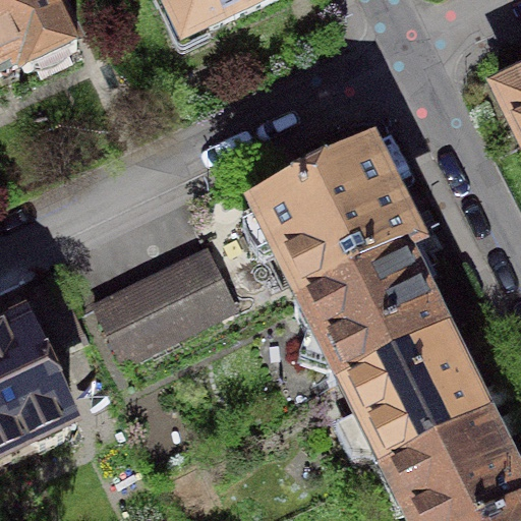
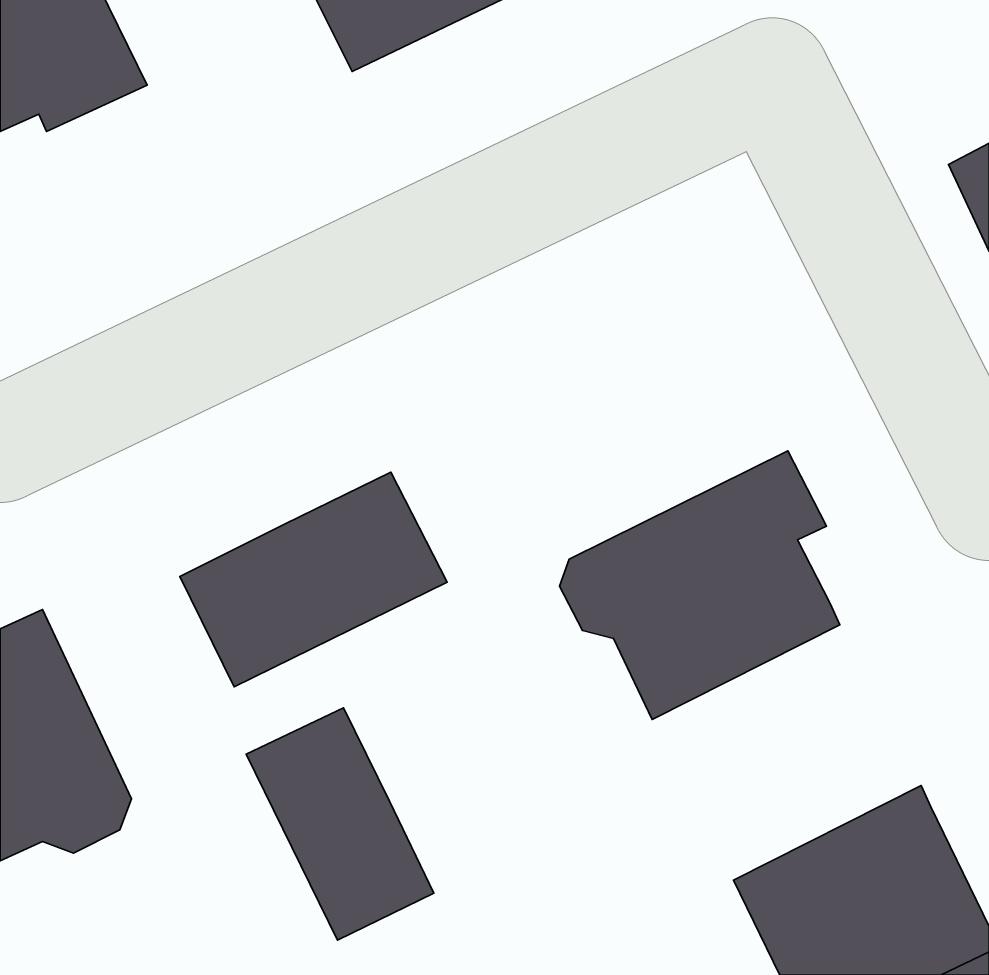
building: [257,149,414,294] -> none
building: [343,329,484,463] -> none
building: none -> [246,708,434,940]

